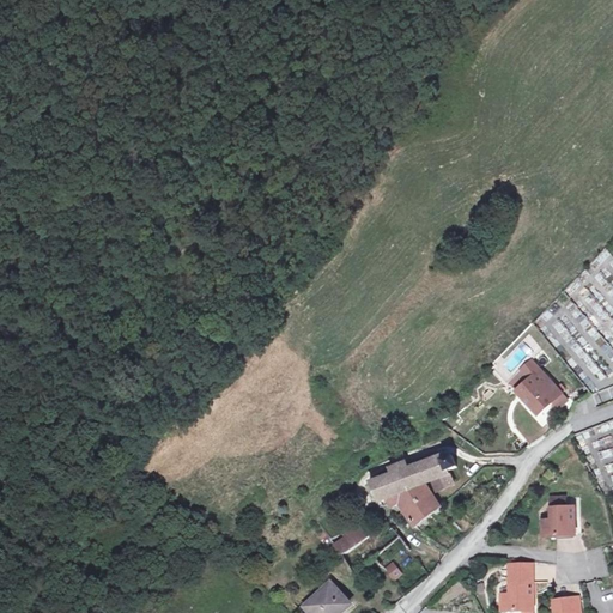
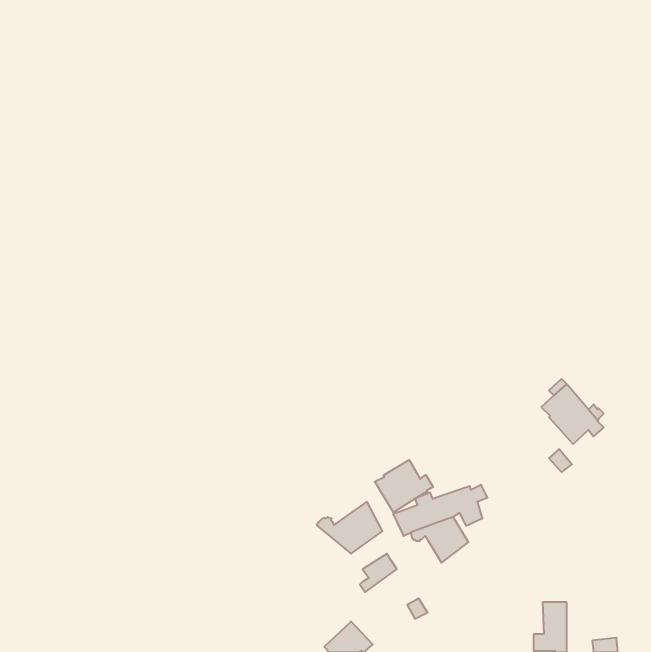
building: none -> [375,460,433,513]
building: none -> [317,502,382,554]
building: [542,498,575,536] -> none

